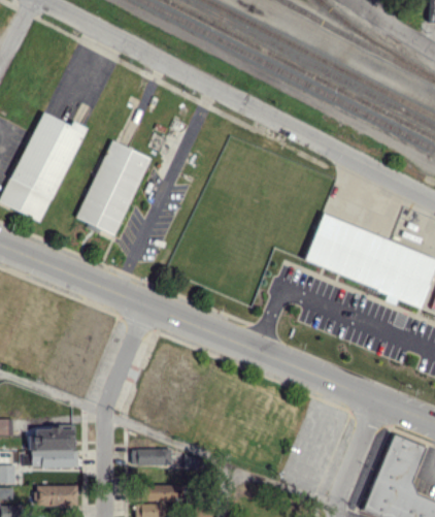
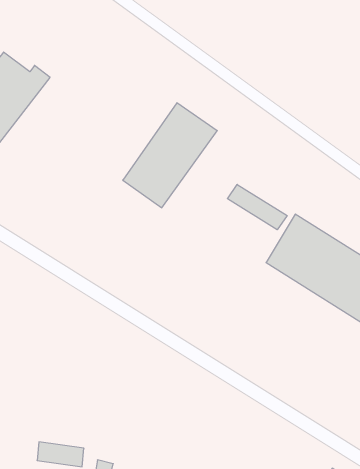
building: [76,141,152,235] -> [123,103,217,208]
building: none -> [227,184,287,230]

